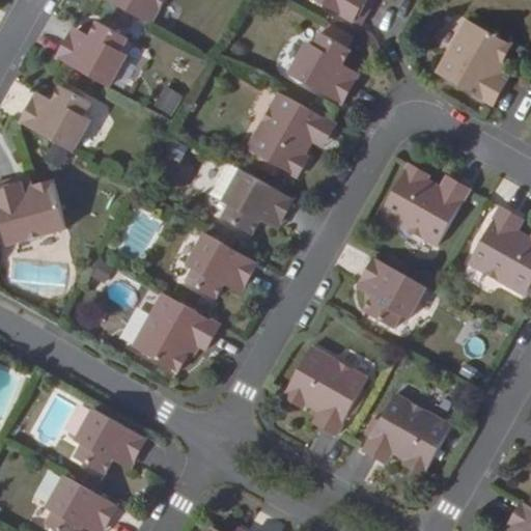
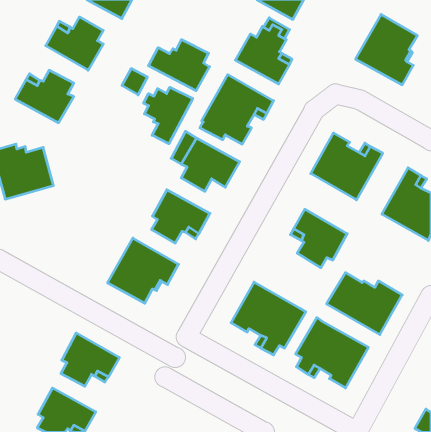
building: none -> [148,40,210,91]
building: none -> [144,87,193,144]
building: none -> [327,273,402,335]

